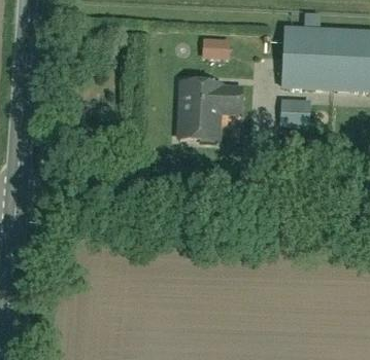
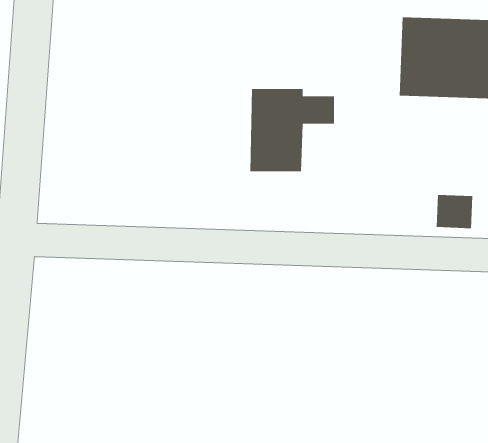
building: [201,36,230,57] -> none
building: [283,103,309,127] -> [436,194,473,229]

